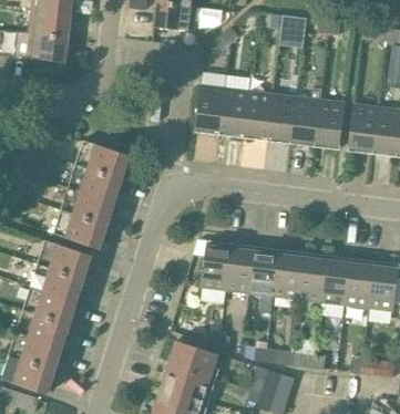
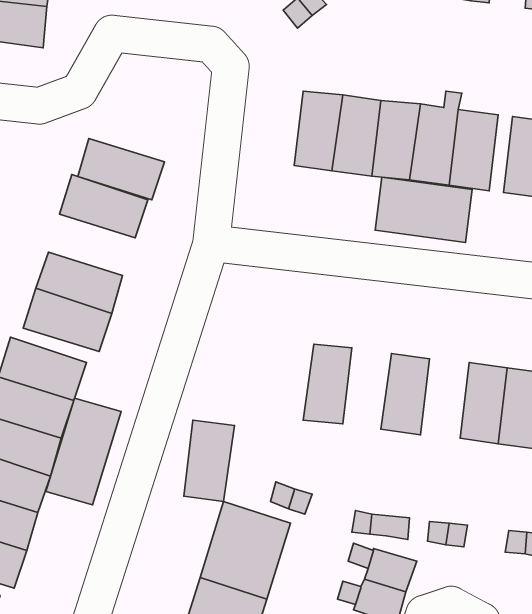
building: [195,86,225,135] -> none
building: none -> [375,177,472,243]
building: [69,165,122,203] -> [78,138,165,200]
building: [201,241,232,291] -> [184,420,234,502]
building: [249,247,279,297] -> none
building: [297,253,327,302] -> none
building: none -> [46,398,121,505]

